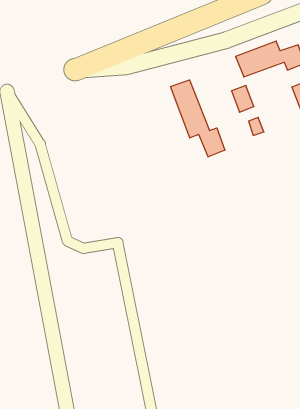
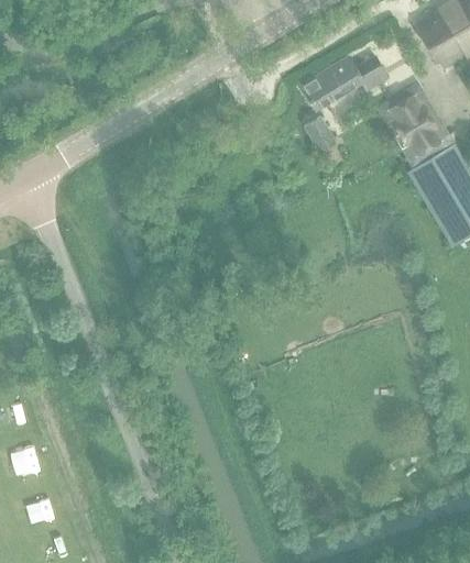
building: [170,80,225,157] -> none

